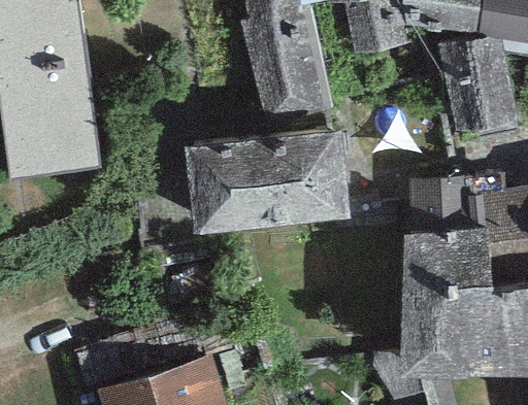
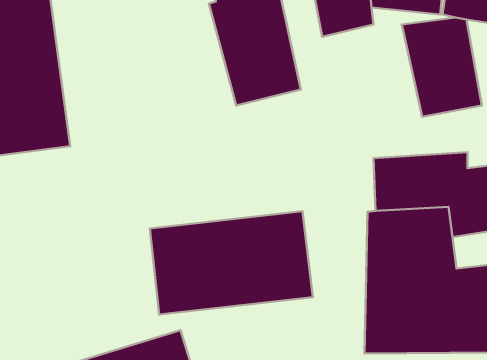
building: [186,131,352,236] -> [150,211,313,314]

